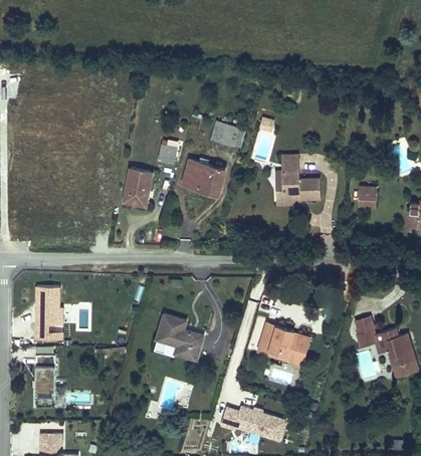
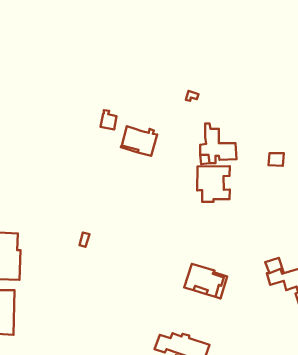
building: [211,121,245,148] -> none
building: [124,168,152,205] -> none
building: none -> [197,166,230,202]
building: [157,313,203,359] -> none

